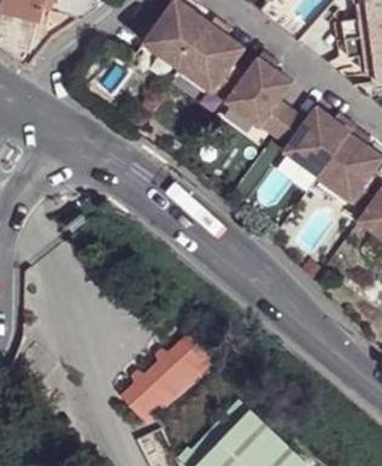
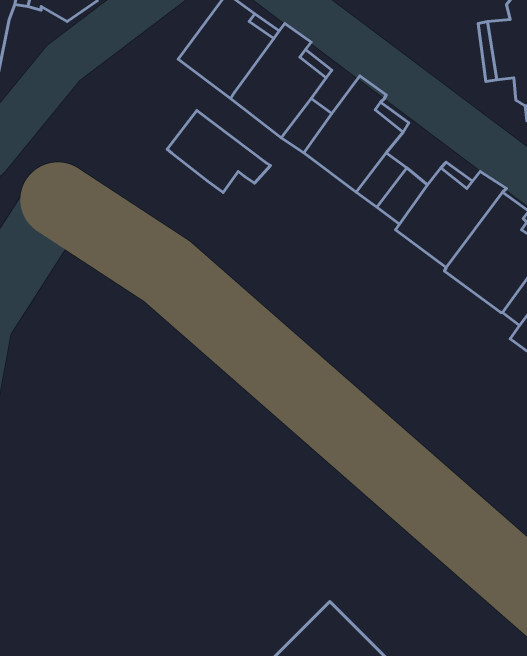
building: none -> [167,111,271,193]
building: [122,336,211,419] -> none

